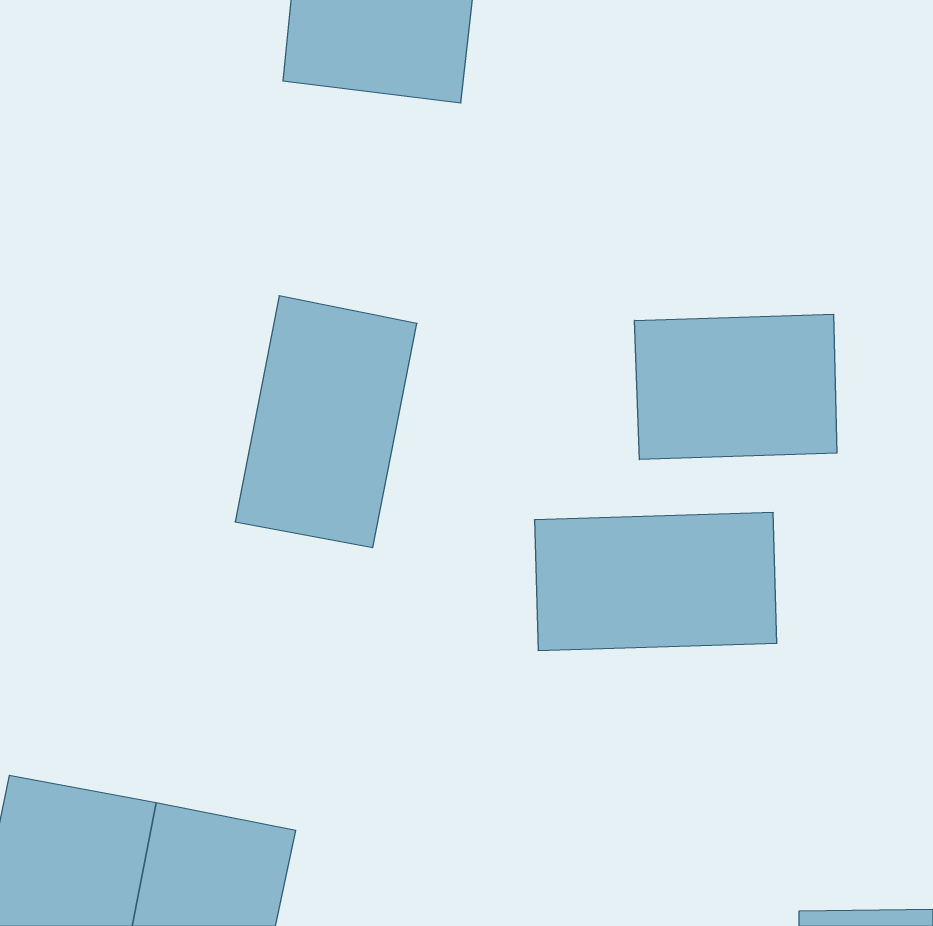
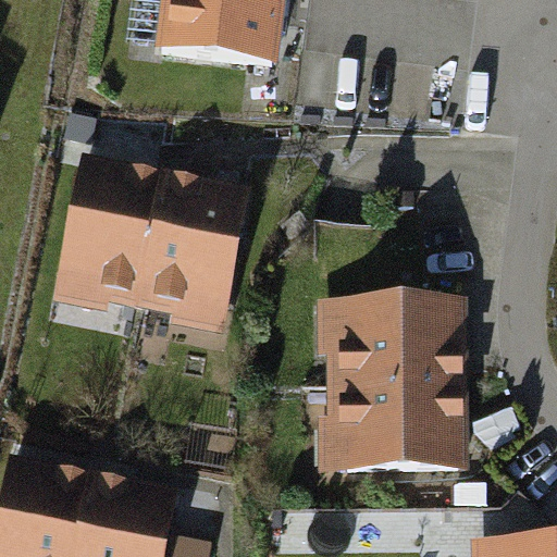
building: none -> [60,160,165,309]
building: [635,314,837,460] -> none
building: none -> [319,381,462,472]

